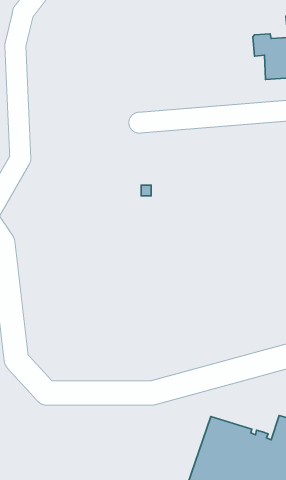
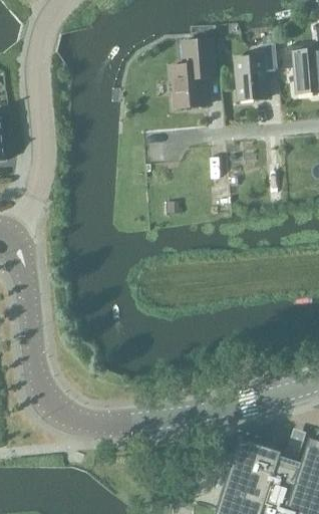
building: none -> [233,39,276,100]
building: none -> [170,41,215,108]

